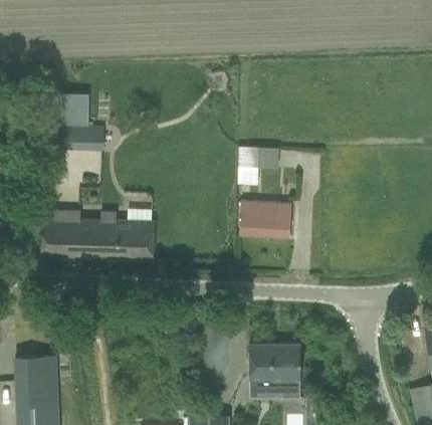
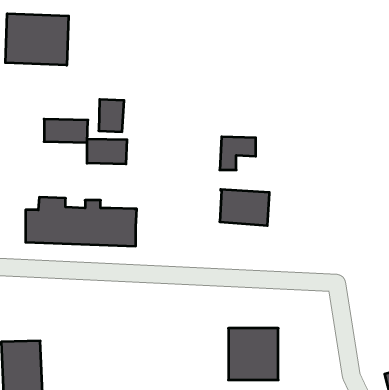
building: none -> [5,14,69,65]
building: [62,93,88,127] -> [99,99,124,132]
building: none -> [87,139,127,164]

